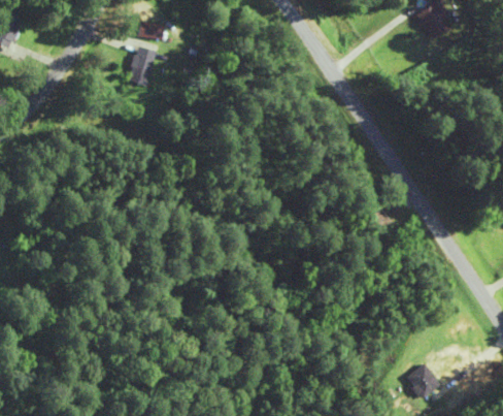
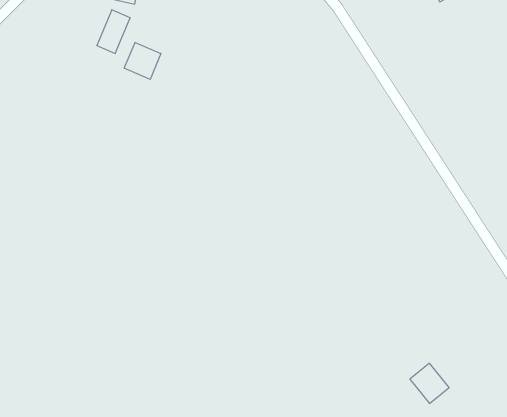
building: none -> [124,42,161,79]

